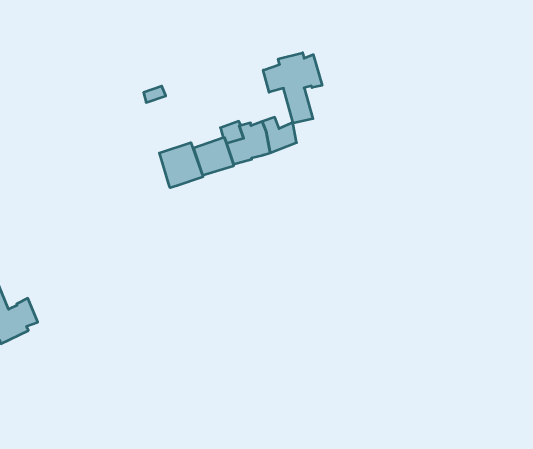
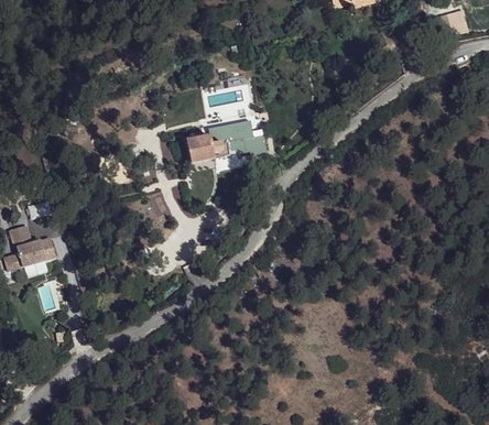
building: [263,53,322,123] -> none
building: [159,143,203,188] -> none

